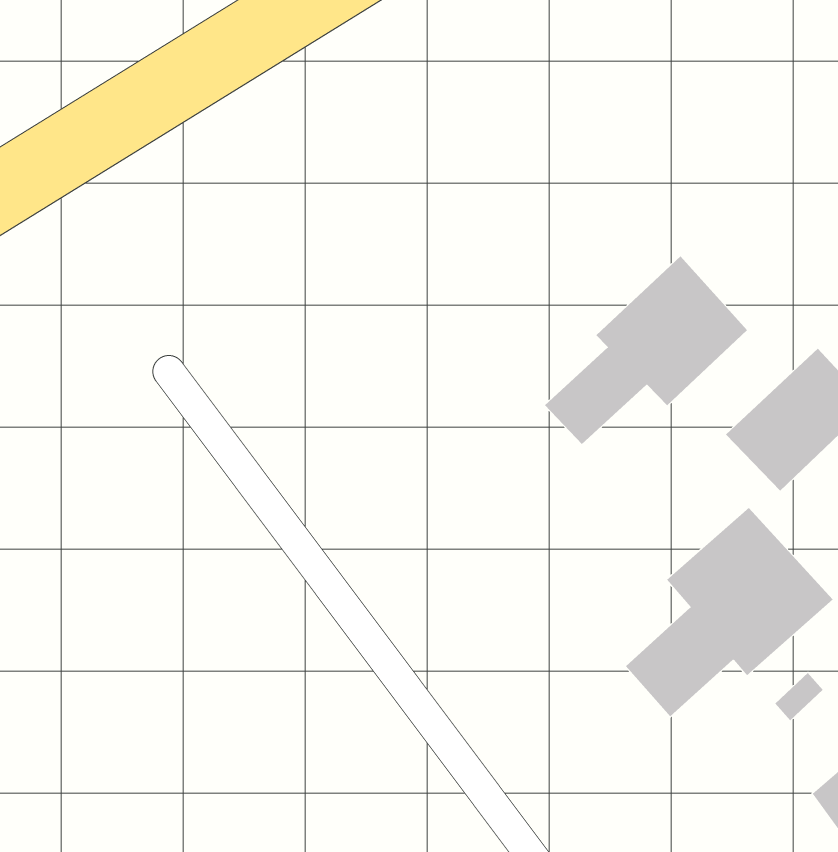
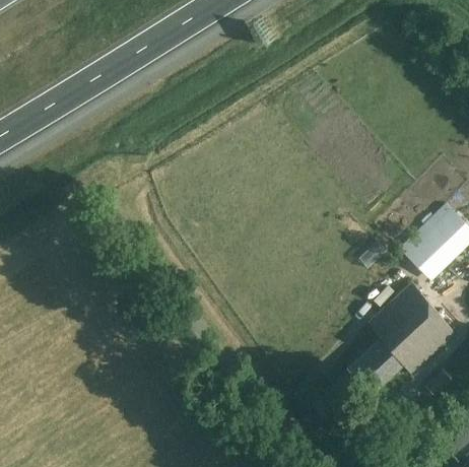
building: [544,256,748,445] -> none

